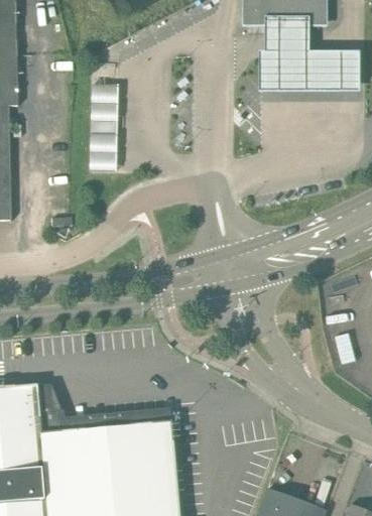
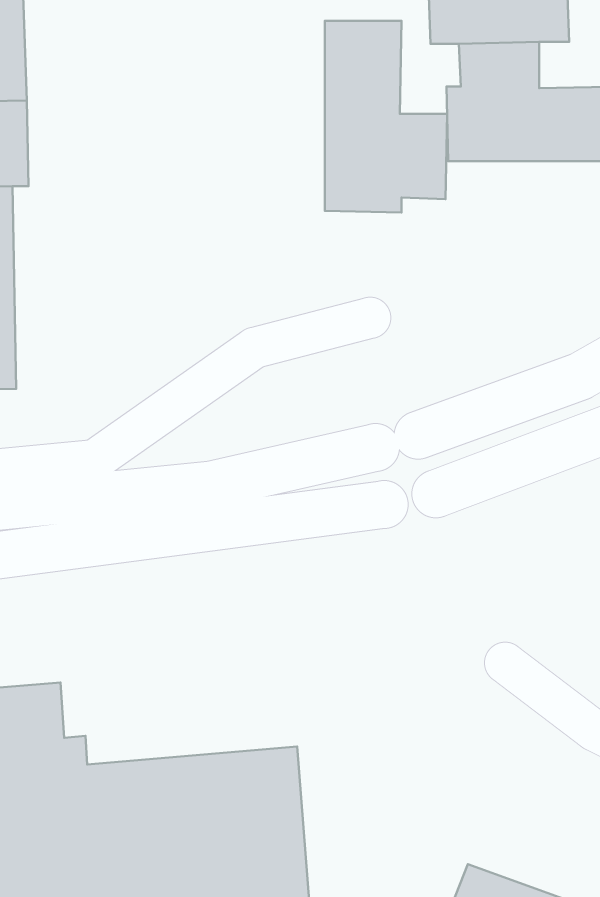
building: none -> [325,21,447,213]
building: [90,85,117,171] -> none

